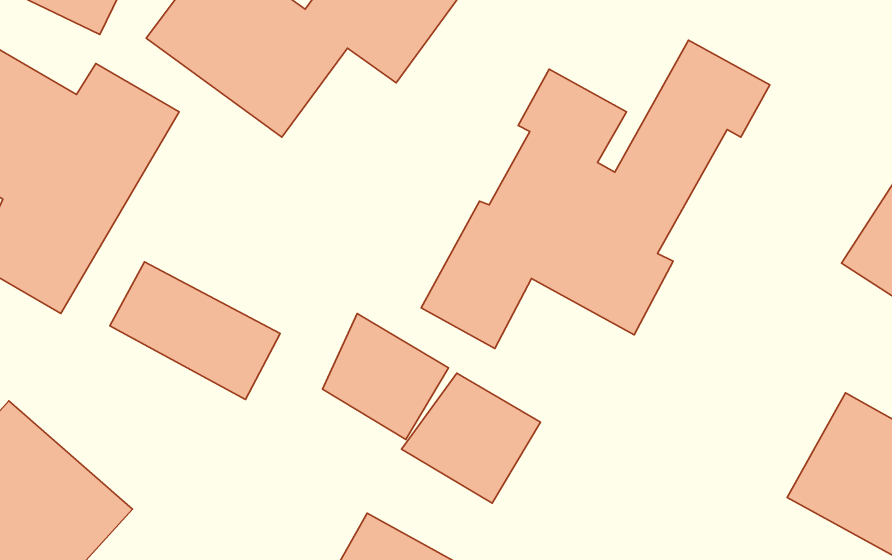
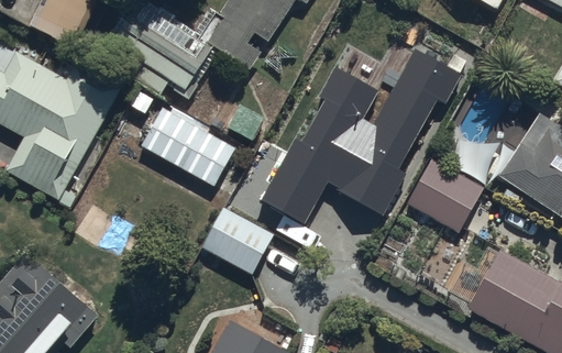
building: none -> [409,158,485,231]
building: [110,262,280,399] -> [141,107,238,185]
building: [402,373,541,503] -> none

